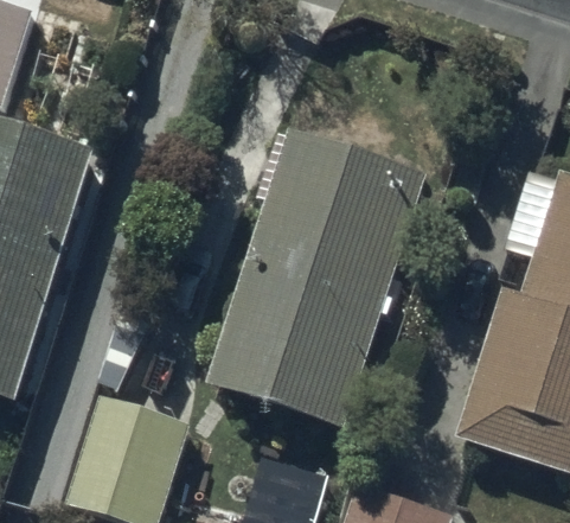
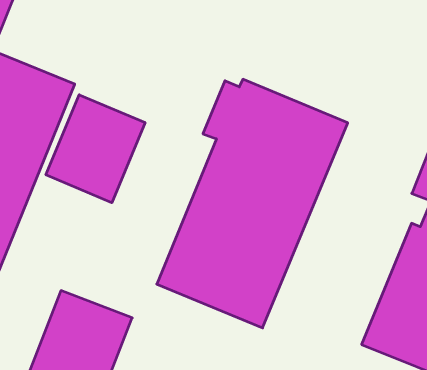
building: none -> [46,95,145,203]

